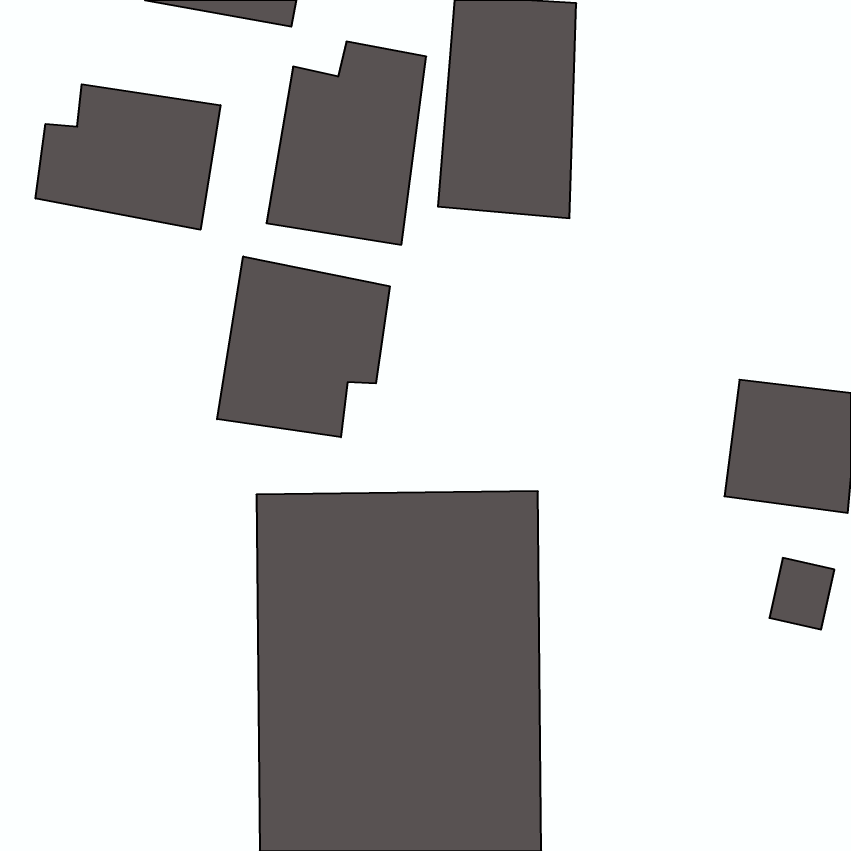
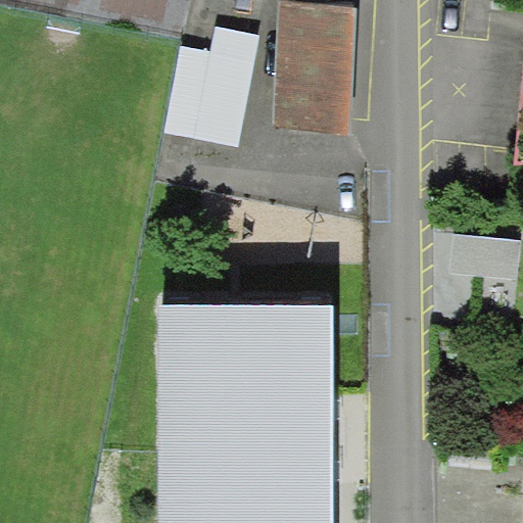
building: [36,84,220,230] -> none
building: [217,256,390,437] -> none

